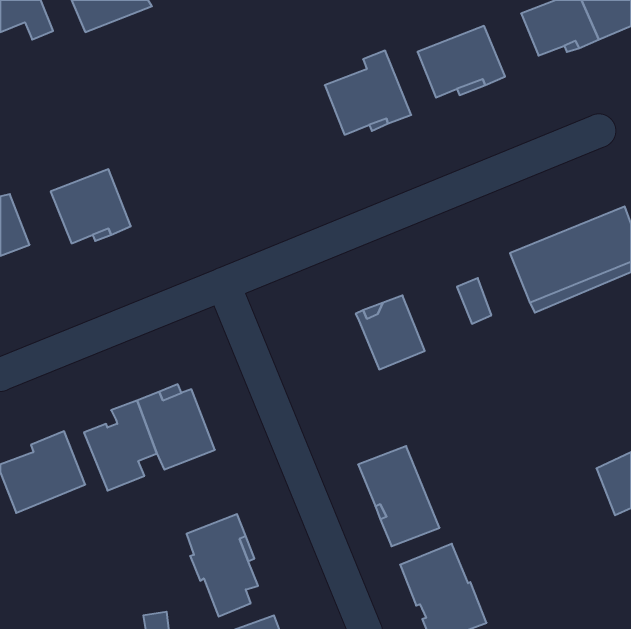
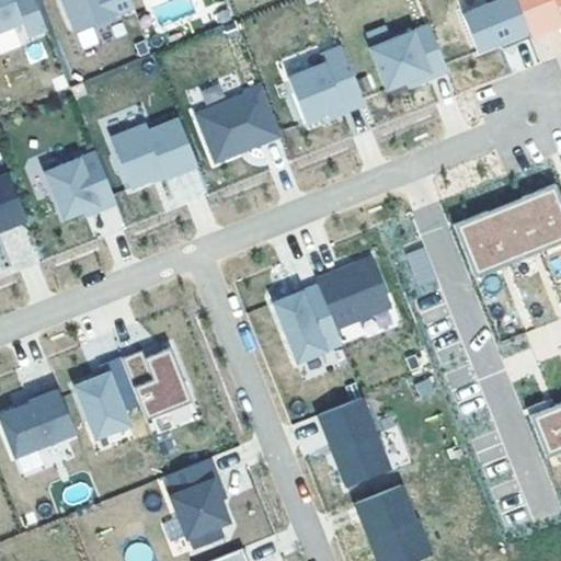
building: none -> [195,87,282,162]
building: none -> [112,119,197,187]
building: none -> [272,285,342,363]

